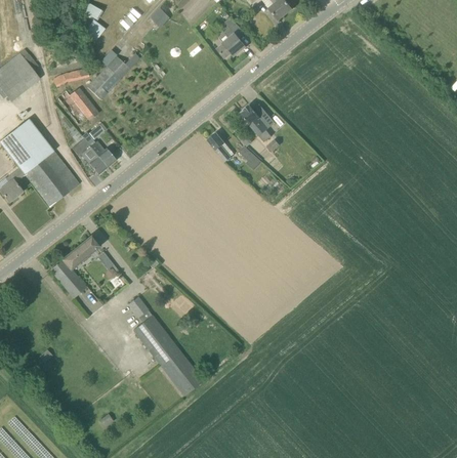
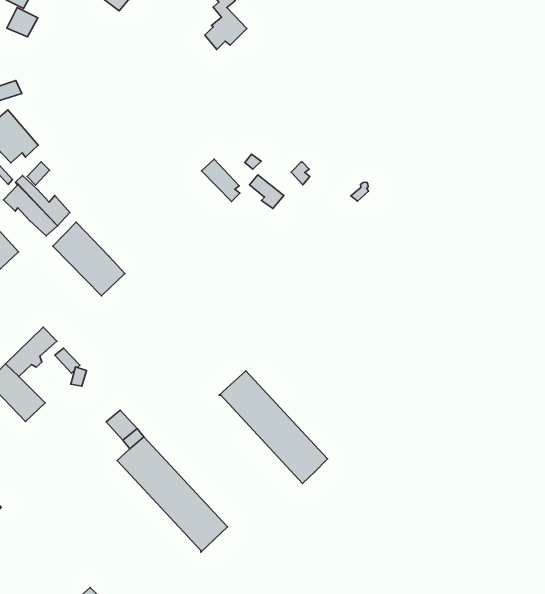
building: [87,53,130,99] -> none
building: [241,103,272,141] -> none
building: none -> [53,222,125,296]
building: none -> [219,371,328,483]

